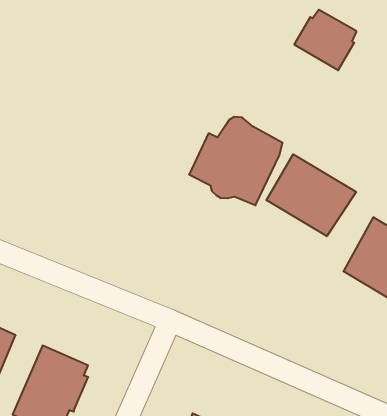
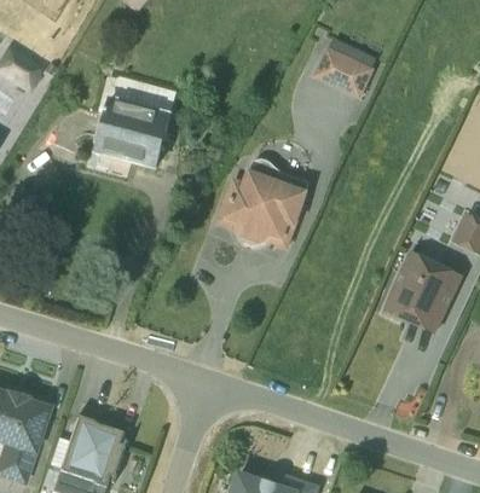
building: none -> [83,74,175,176]
building: [266,154,356,236] -> none

